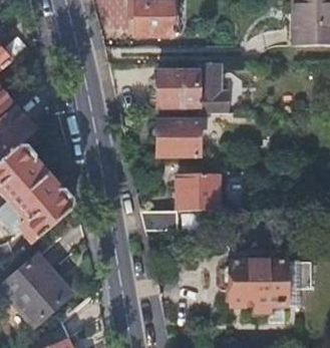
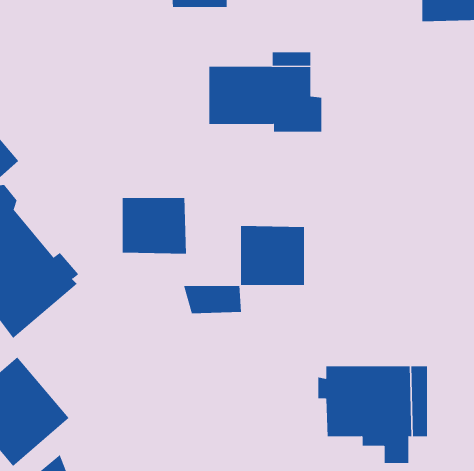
building: [158,120,200,156] -> [122,197,187,254]

